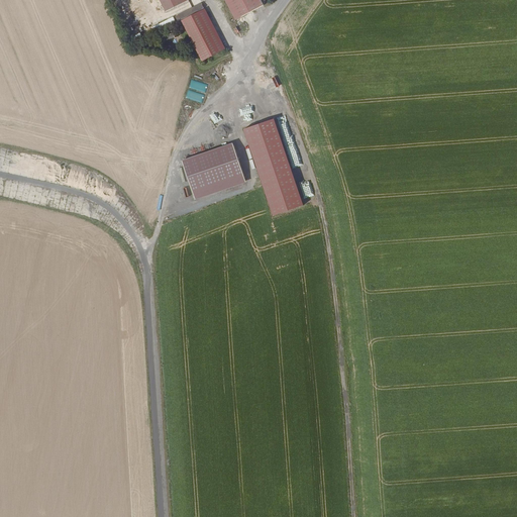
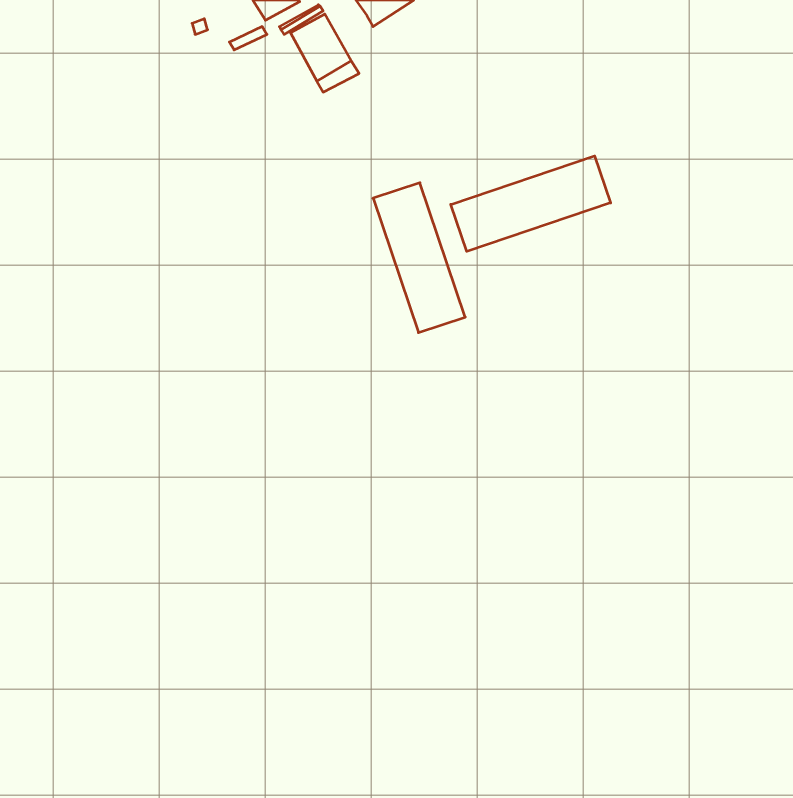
building: none -> [451,156,611,251]
building: [179,143,241,199] -> none

